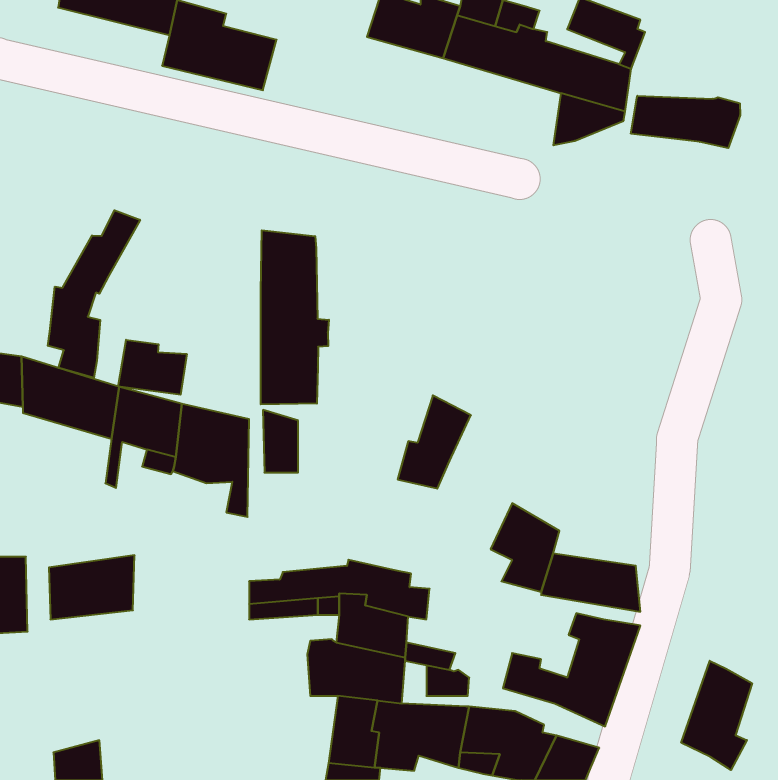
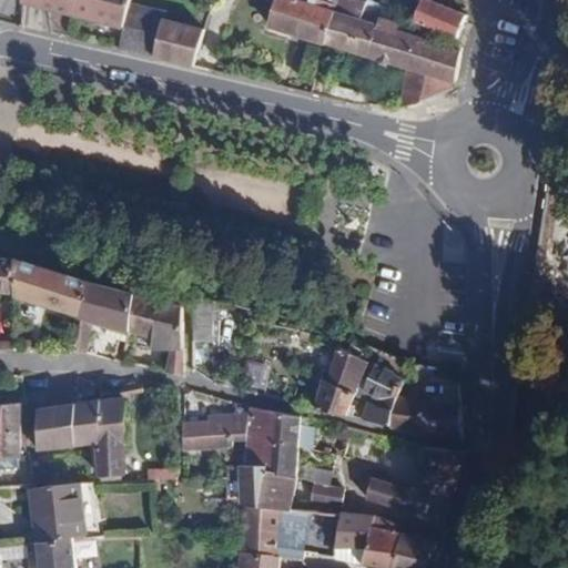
building: [631,96,740,148] -> none
building: [48,210,140,378] -> none
building: [261,230,329,404] -> none
building: [118,340,187,395] -> none
building: [398,395,471,489] -> [318,351,372,418]
building: none -> [97,399,122,471]
building: [681,661,752,770] -> none
building: none -> [33,488,74,546]

